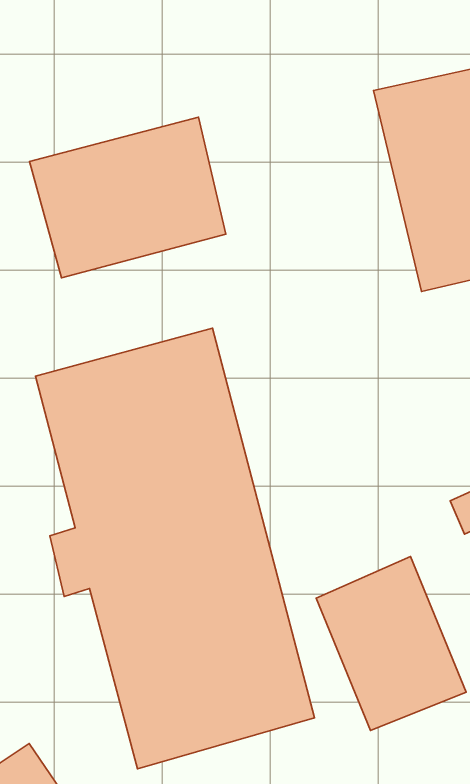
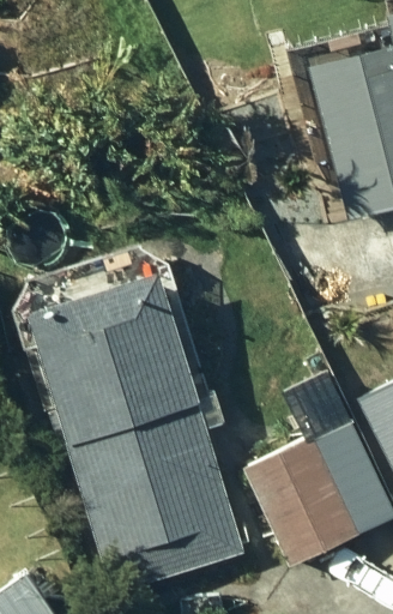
building: [30,117,226,278] -> none

